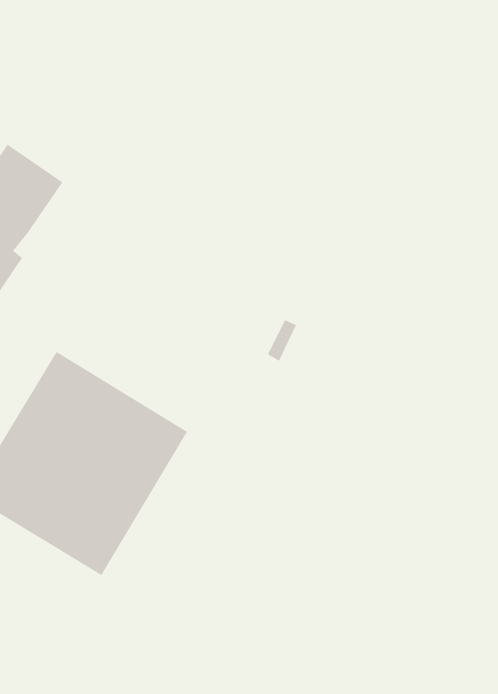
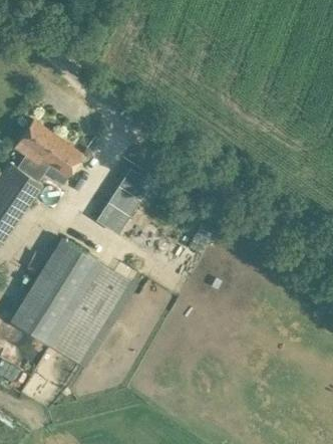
building: none -> [44,142,82,184]
building: none -> [98,166,149,229]

